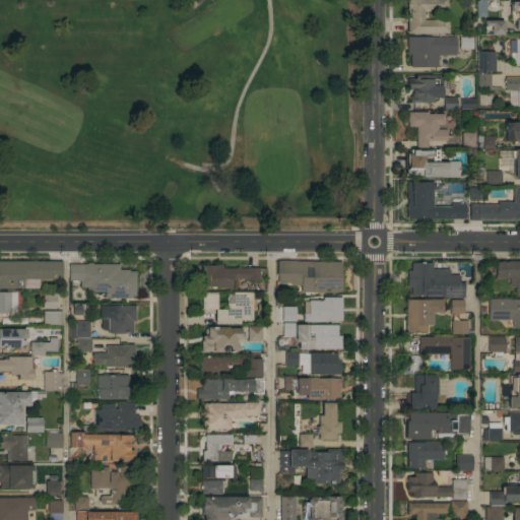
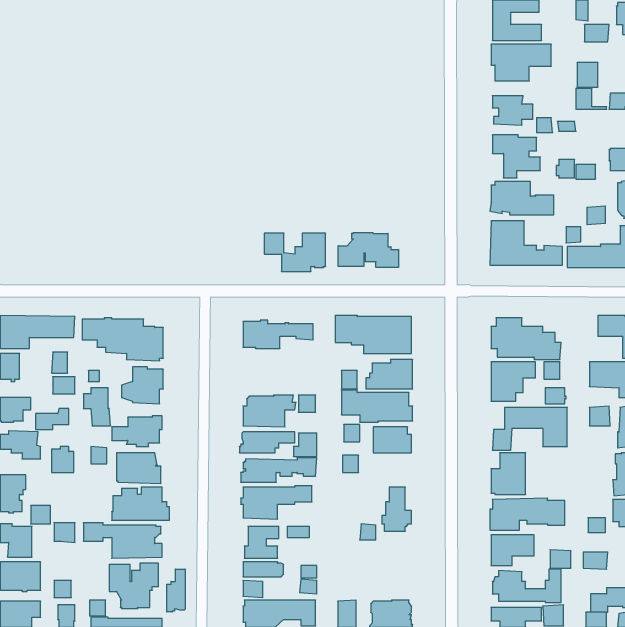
building: none -> [338,233,398,267]
building: [203,292,254,324] -> [264,233,326,271]
building: [308,378,343,400] -> none
building: [280,450,344,483] -> none
building: none -> [167,569,185,612]

